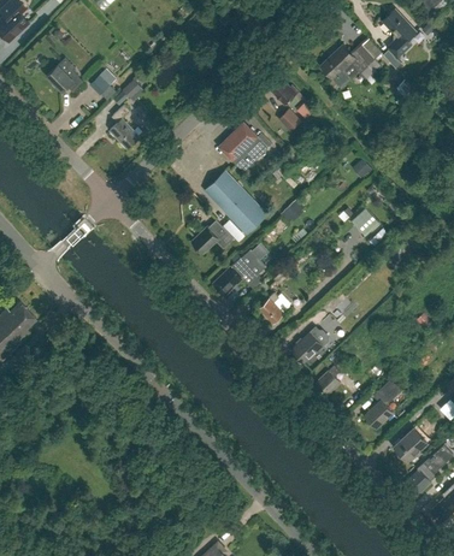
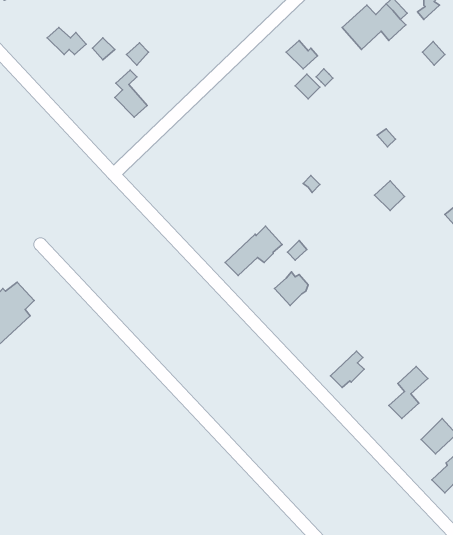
building: [220,123,269,171] -> none
building: [193,171,267,253] -> none
building: [291,326,329,362] -> none

